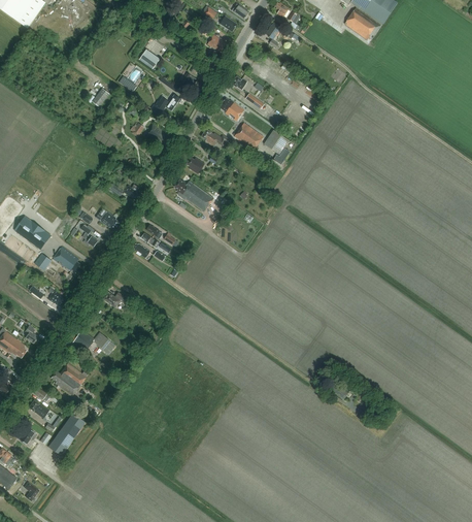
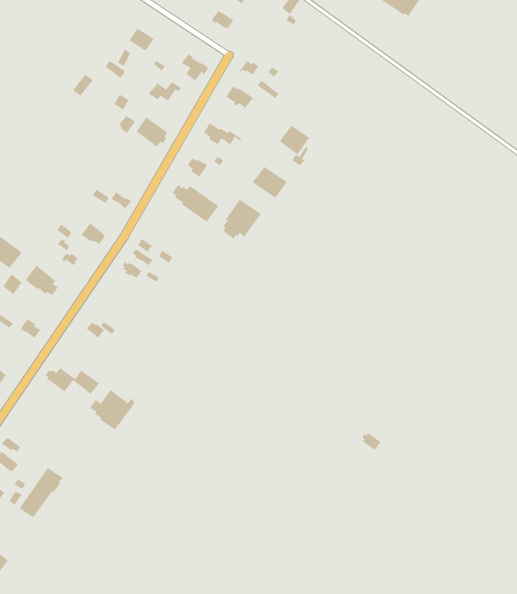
building: [233,123,263,150] -> [252,166,288,198]
building: none -> [222,199,261,240]
building: [49,362,88,396] -> [89,389,135,430]

